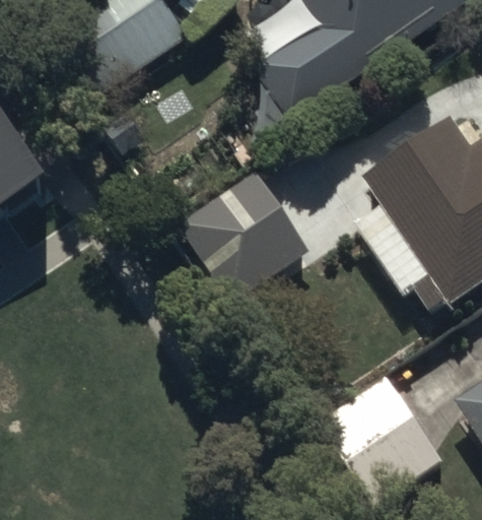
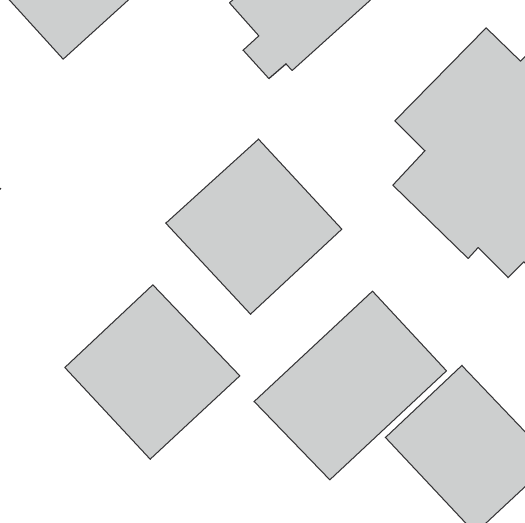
building: none -> [65,285,240,459]
building: none -> [254,291,446,480]

